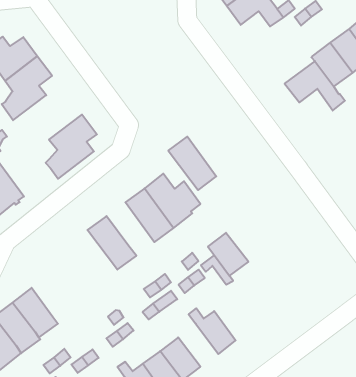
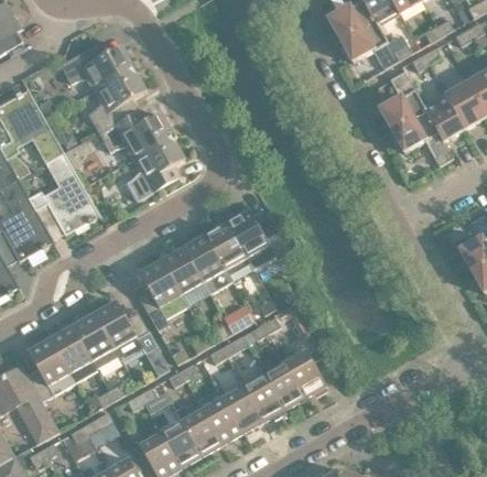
building: none -> [378,71,425,130]
building: none -> [97,110,171,158]
building: [168,137,216,190] -> [183,235,230,293]
building: none -> [138,259,187,330]
building: [208,233,248,276] -> [284,350,325,397]
building: none -> [94,301,155,359]
building: none -> [242,373,285,420]

